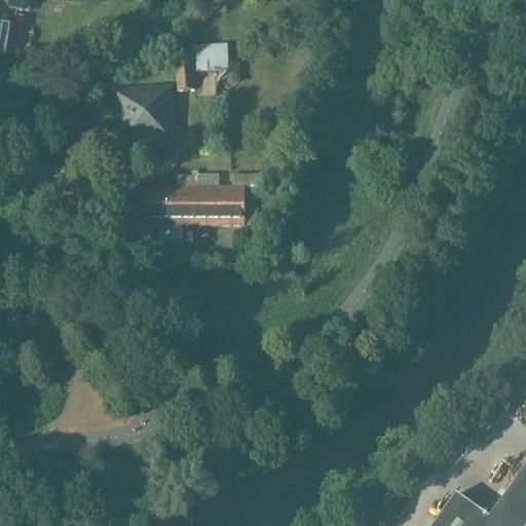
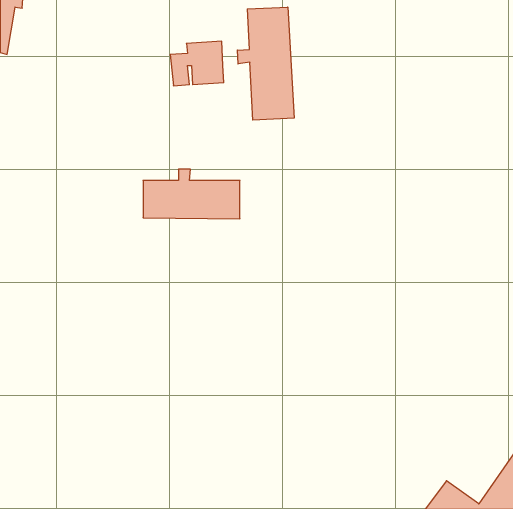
building: none -> [237,7,294,120]
building: [115,83,175,145] -> none

